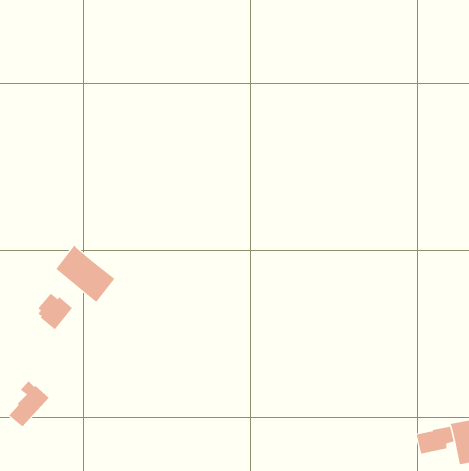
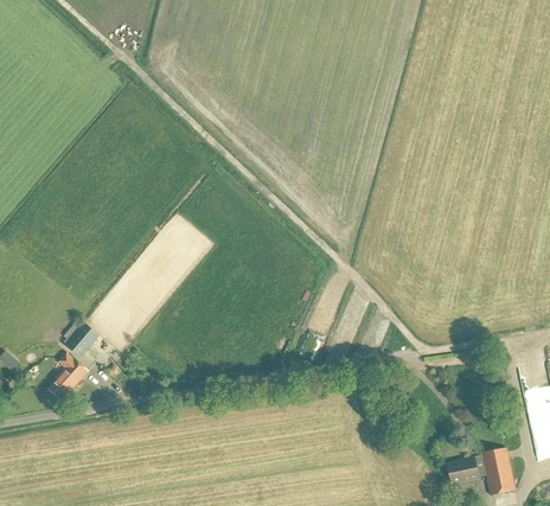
building: [56,245,115,303] -> none
building: [8,380,49,427] -> [47,353,89,401]

